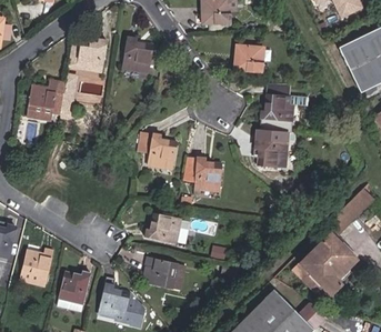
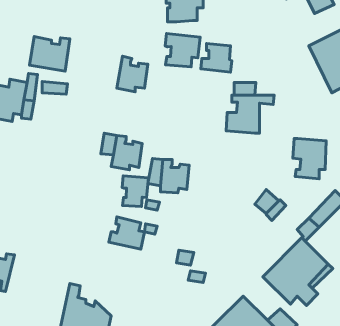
building: none -> [165,33,200,67]
building: [122,37,152,71] -> [117,56,148,92]
building: [253,130,285,169] -> [293,139,326,179]
building: none -> [122,176,148,206]
building: [144,258,186,290] -> none
building: [57,270,91,312] -> none

